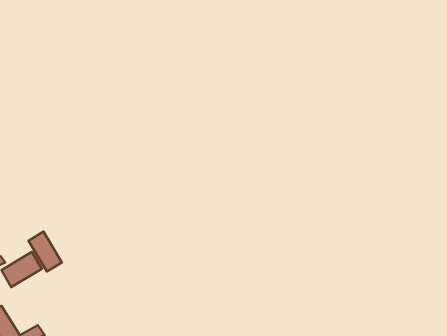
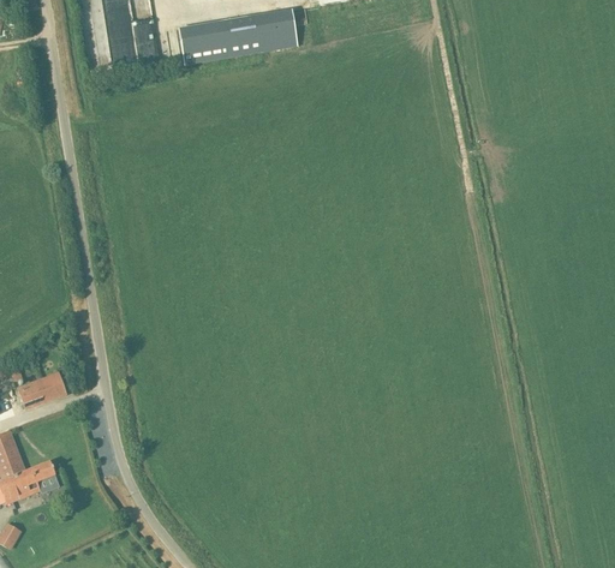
building: [29,232,62,272] -> none

